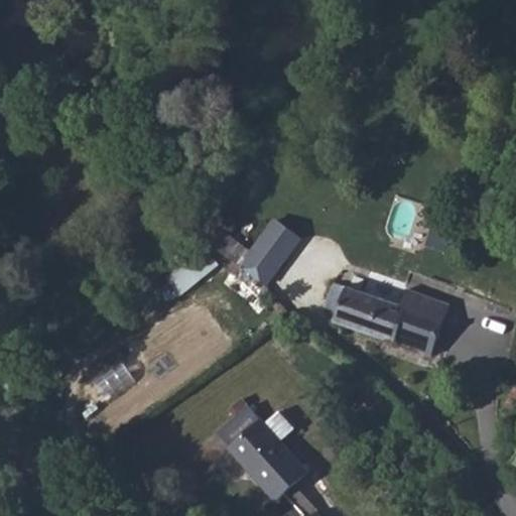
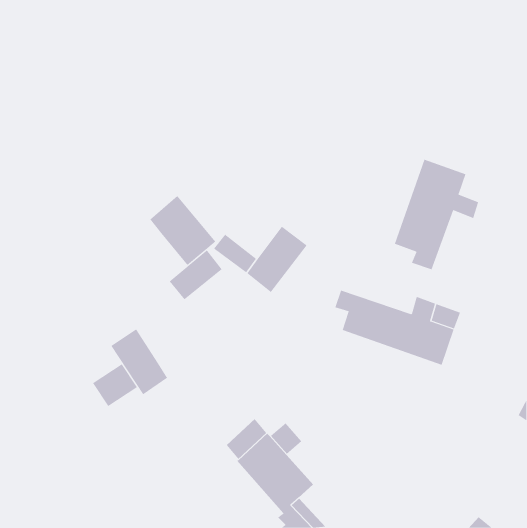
building: none -> [394,159,479,270]
building: none -> [150,195,216,266]
building: none -> [110,329,168,395]

